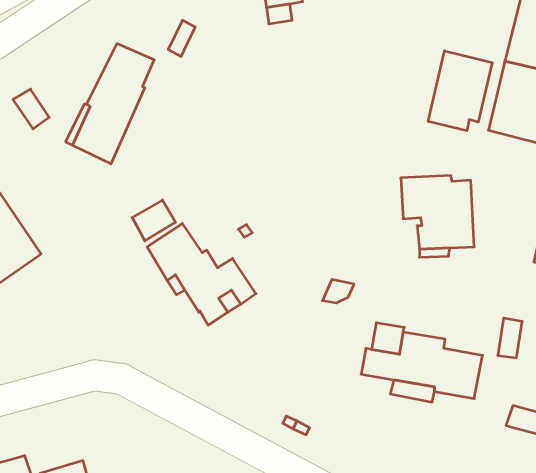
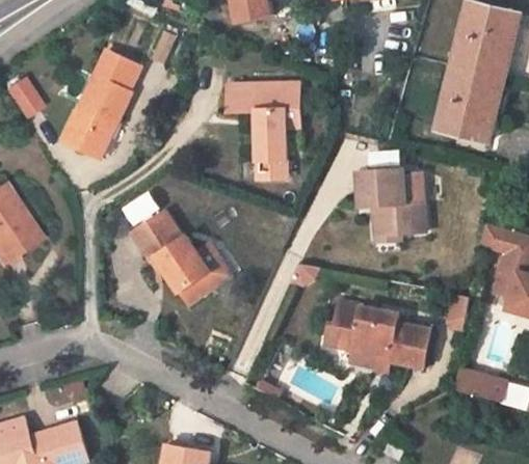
building: [428,51,492,131] -> none
building: none -> [226,83,299,178]

